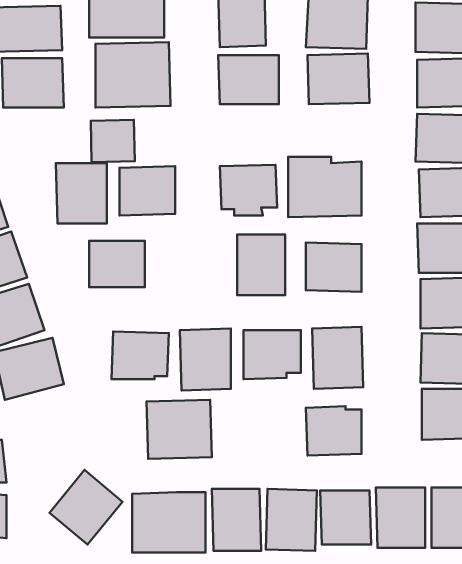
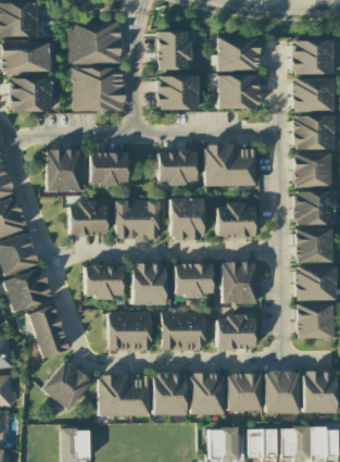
building: [91,120,135,162] -> none
building: none -> [115,200,161,240]
building: none -> [28,305,71,359]
building: none -> [162,311,206,351]

